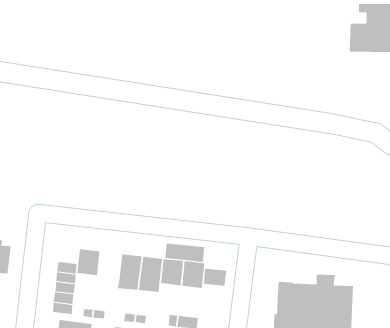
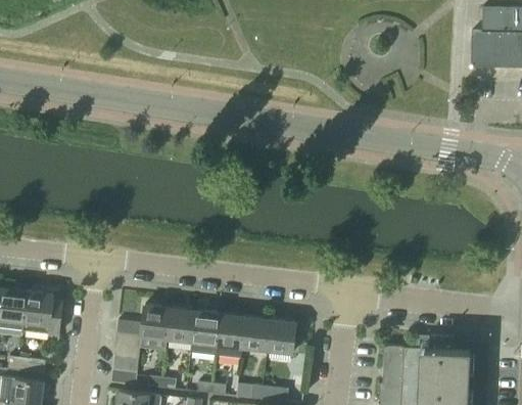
building: [165,243,205,263] -> none
building: none -> [167,308,195,341]
building: [203,268,227,287] -> none

